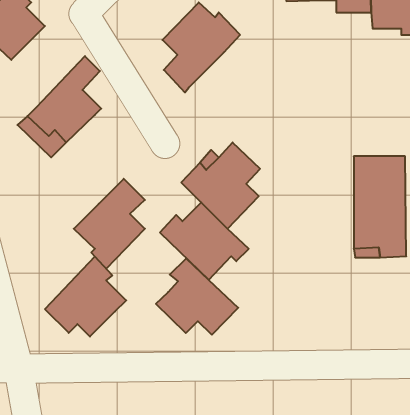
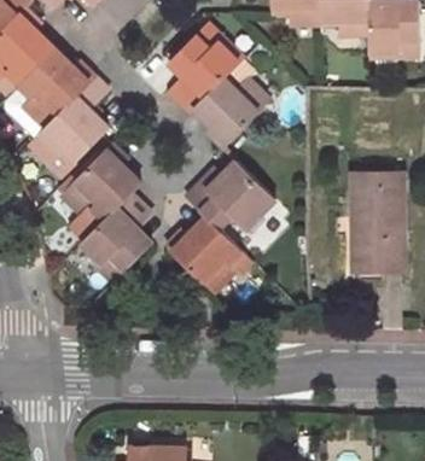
building: none -> [18,48,93,127]
building: none -> [193,74,269,148]
building: [45,257,126,337] -> [63,142,141,220]
building: [156,258,238,335] -> none

